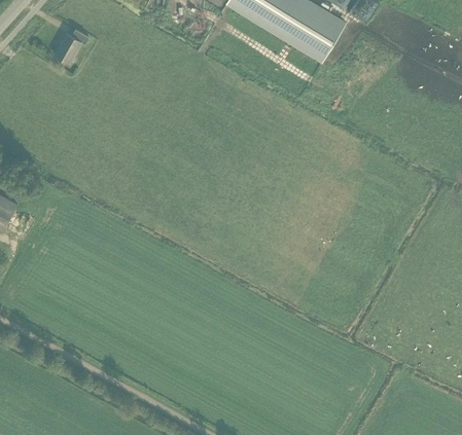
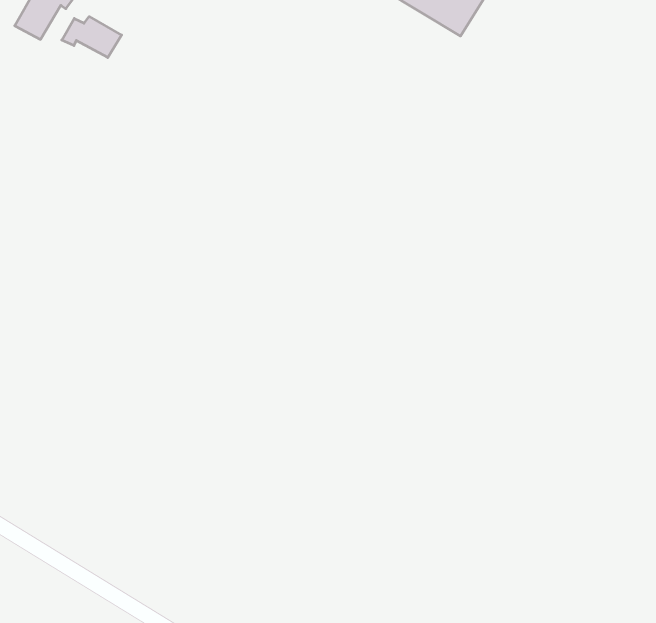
building: none -> [62,17,122,58]

